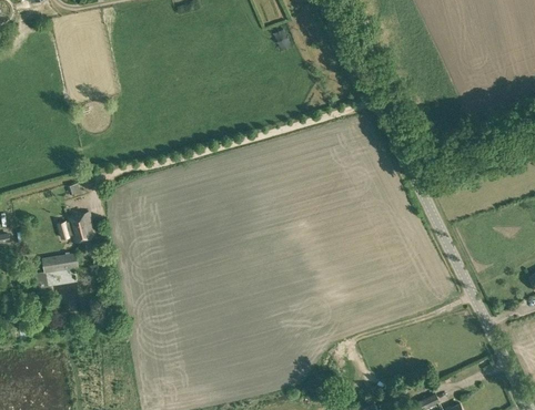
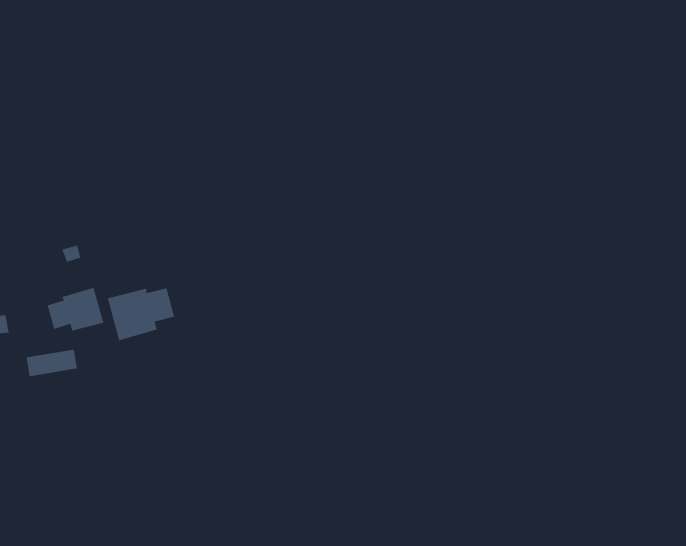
building: none -> [107,288,175,341]

